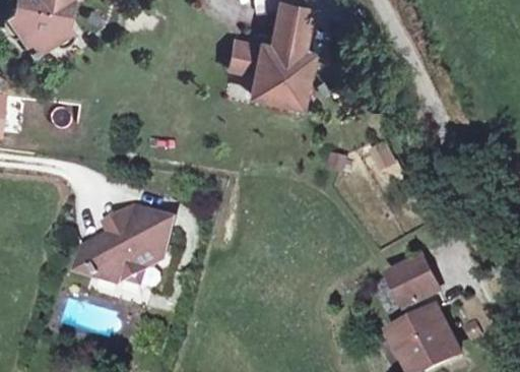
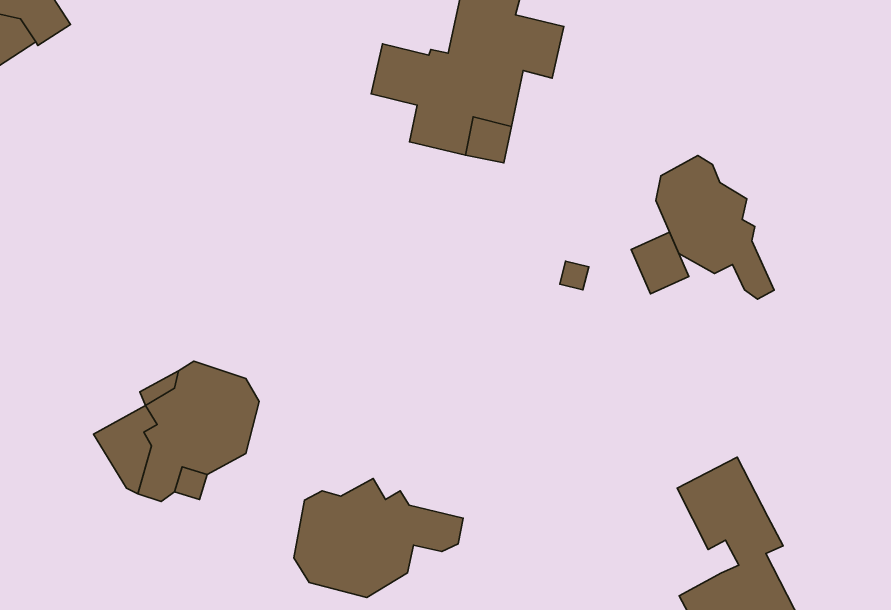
building: none -> [656,155,774,299]
building: none -> [294,478,463,598]

